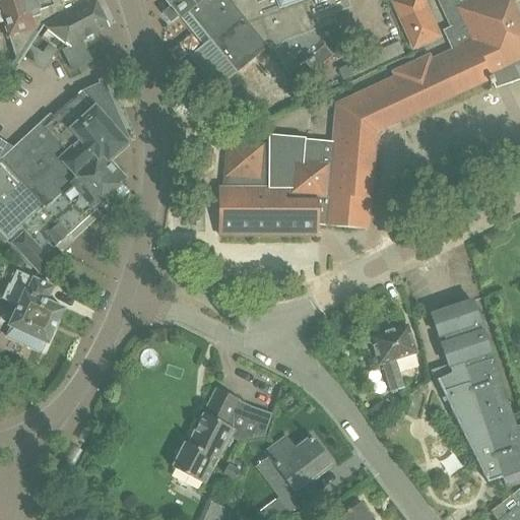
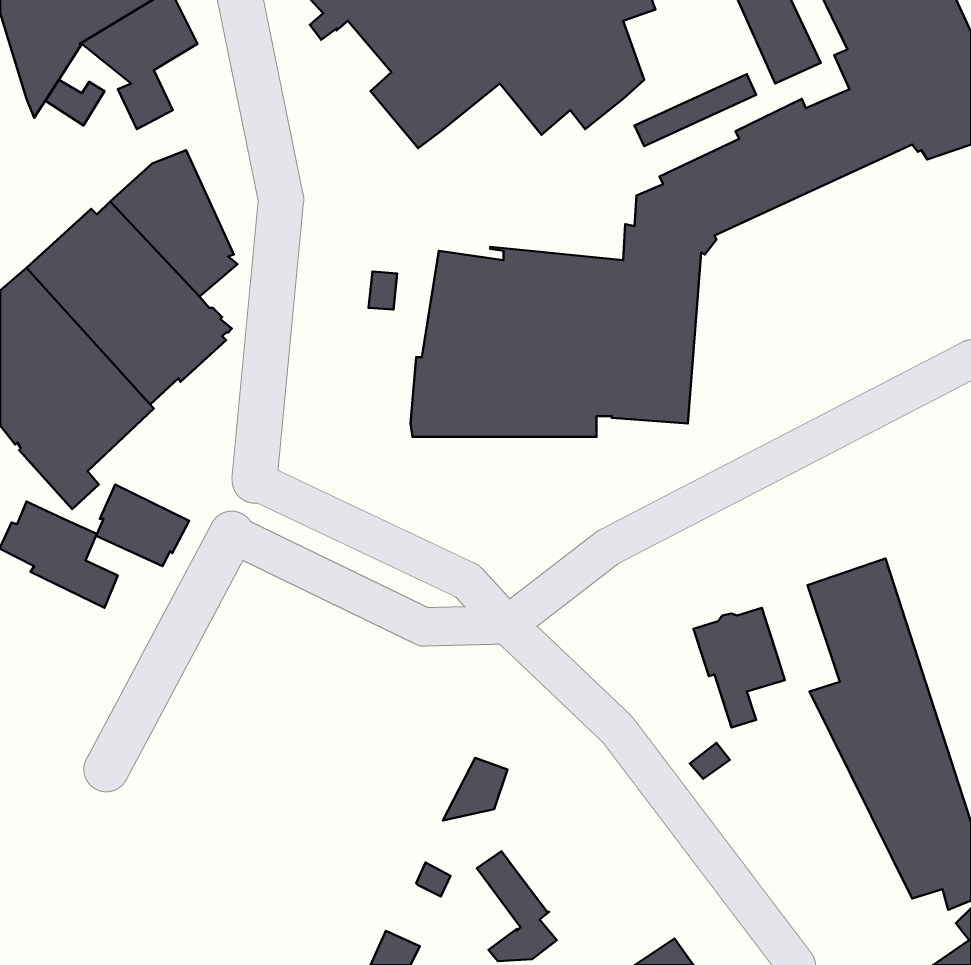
building: [6,306,56,349] -> [96,485,189,566]
building: [173,387,240,482] -> none
building: [265,435,330,489] -> none

